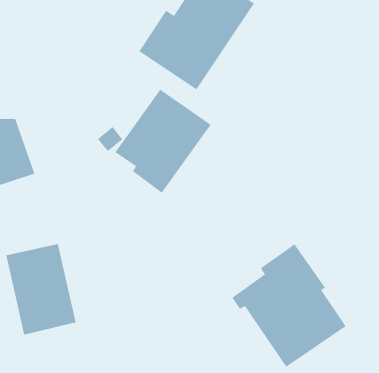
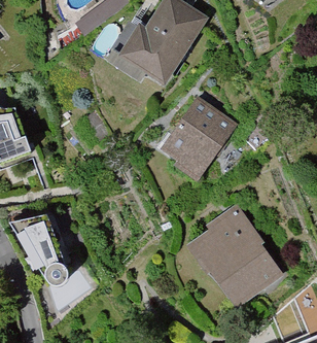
building: [114,89,211,193] -> [162,97,239,180]

